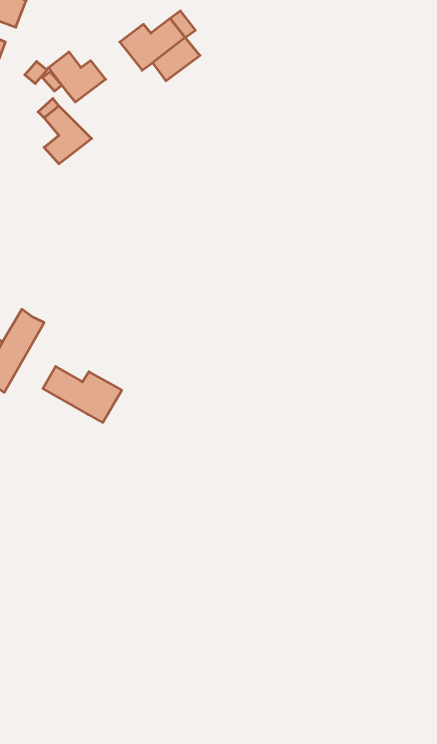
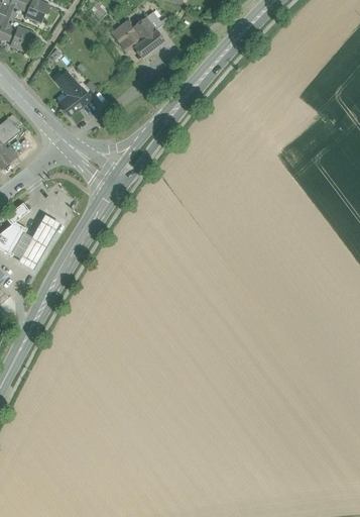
building: [48,52,106,102] -> none
building: [43,366,122,422] -> none

